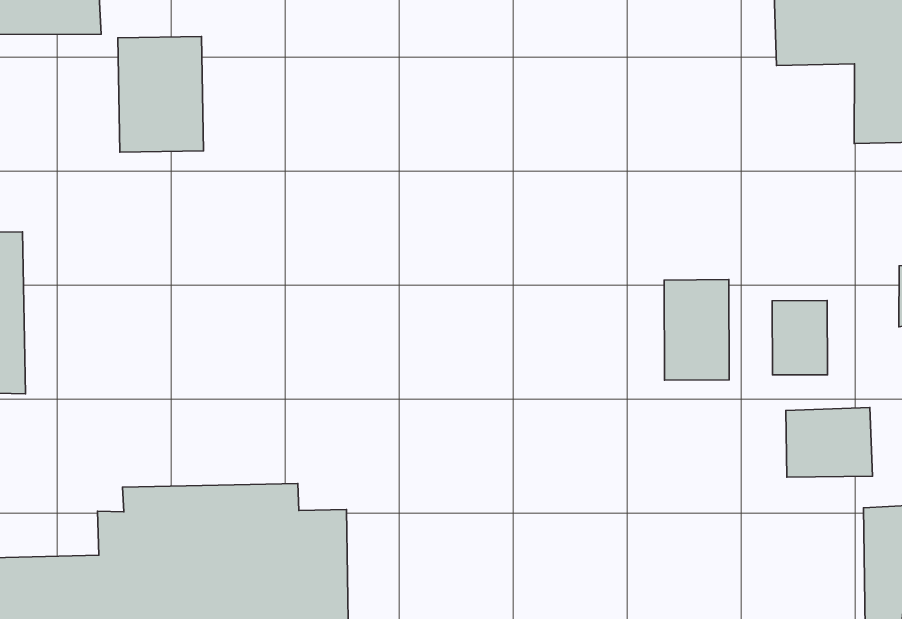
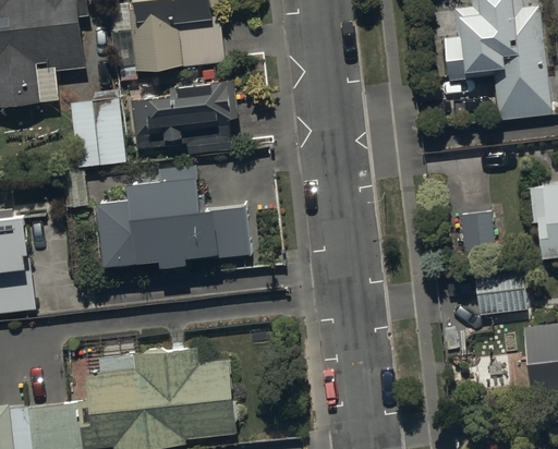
building: none -> [130,80,238,154]
building: none -> [98,163,251,270]
building: [664,280,729,380] -> none

